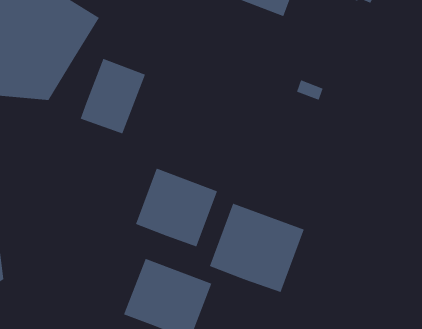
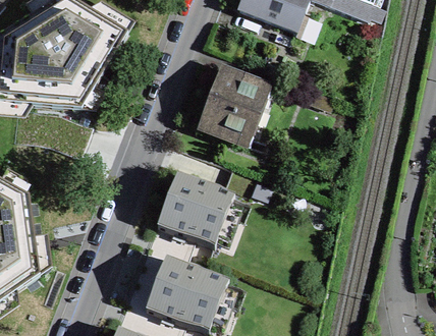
building: [80,58,146,134] -> [200,71,261,142]
building: [209,203,304,293] -> none

